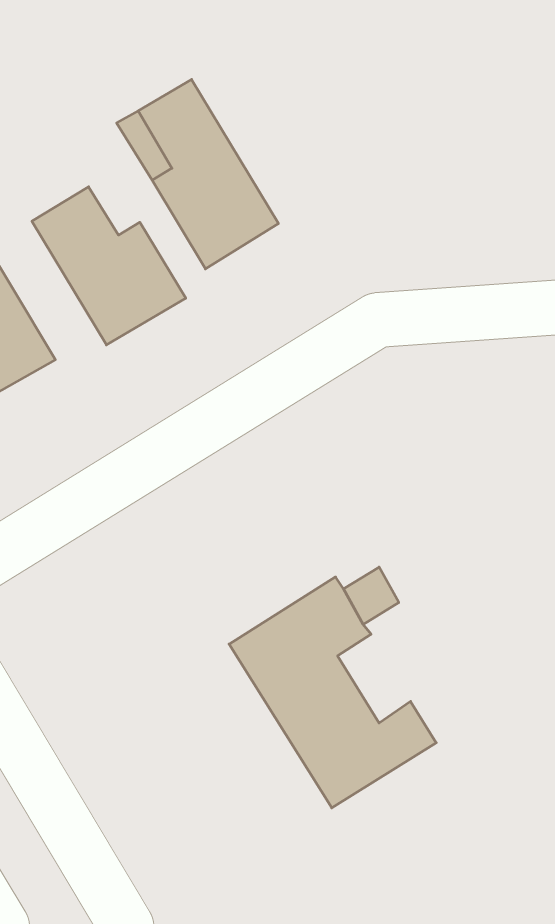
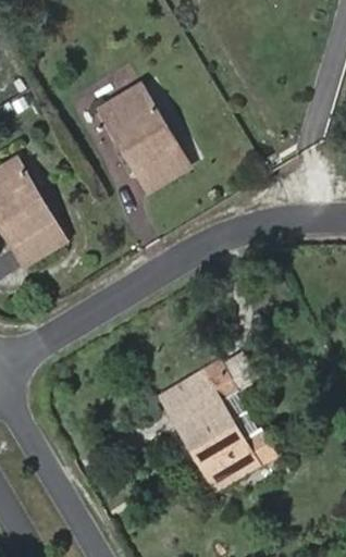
building: [32,187,186,345] -> none

